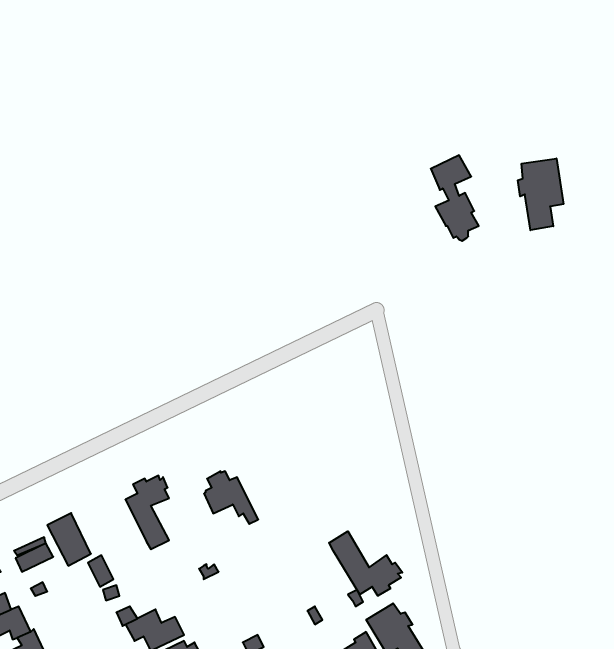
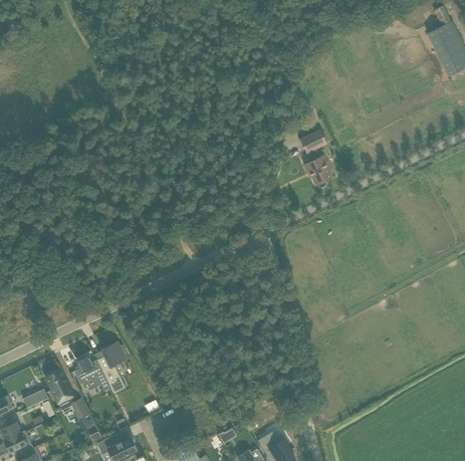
building: [518,158,563,230] -> none
building: [204,471,258,524] -> [74,357,110,392]
building: [329,531,402,596] -> none

